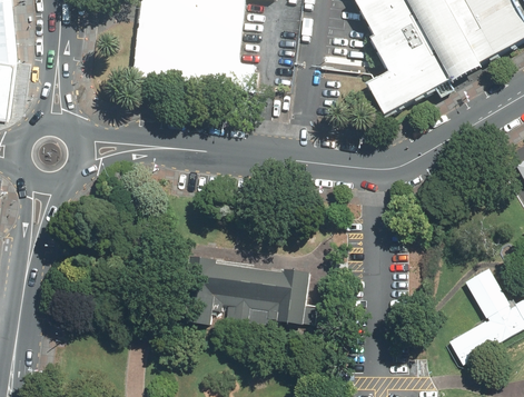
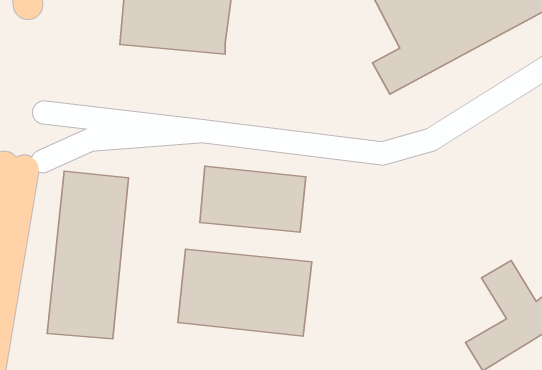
building: none -> [200,166,306,232]
building: none -> [47,171,128,339]

